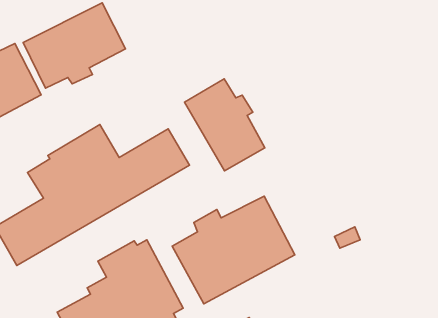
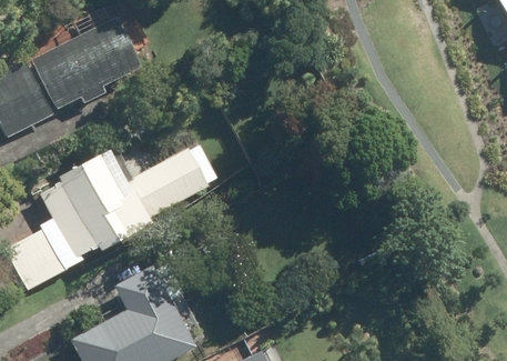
building: [185,79,265,171] -> none
building: [172,196,295,304] -> none

